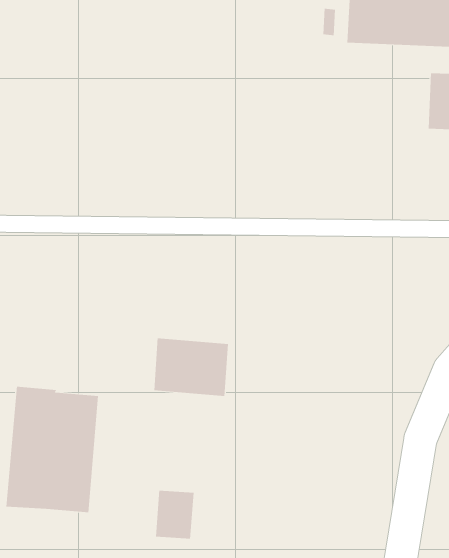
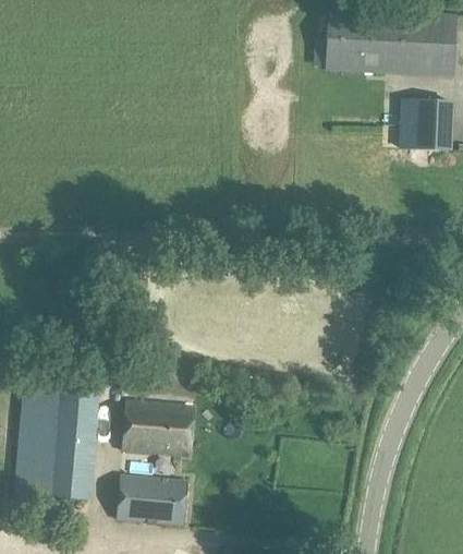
building: [153,338,229,396] -> [124,401,193,455]
building: none -> [119,475,154,520]

